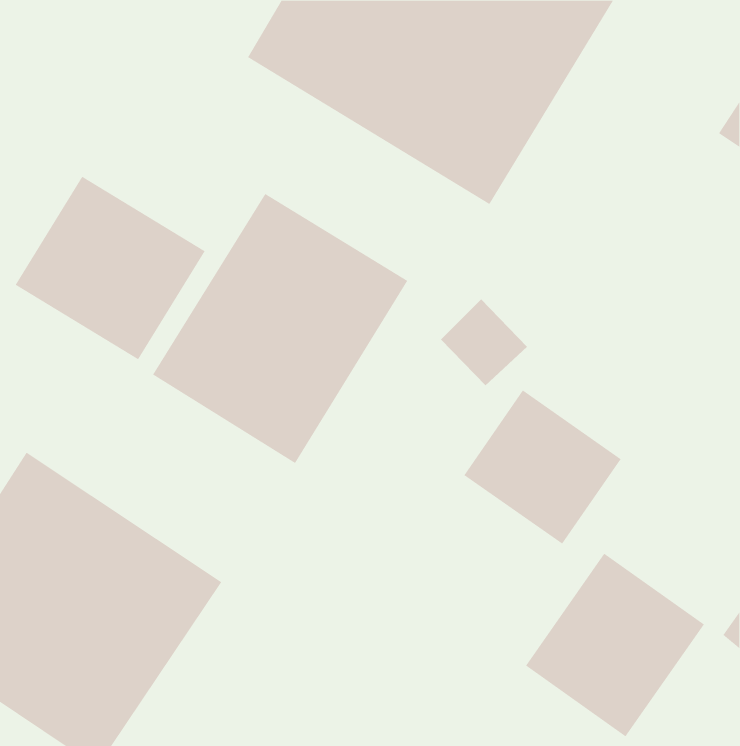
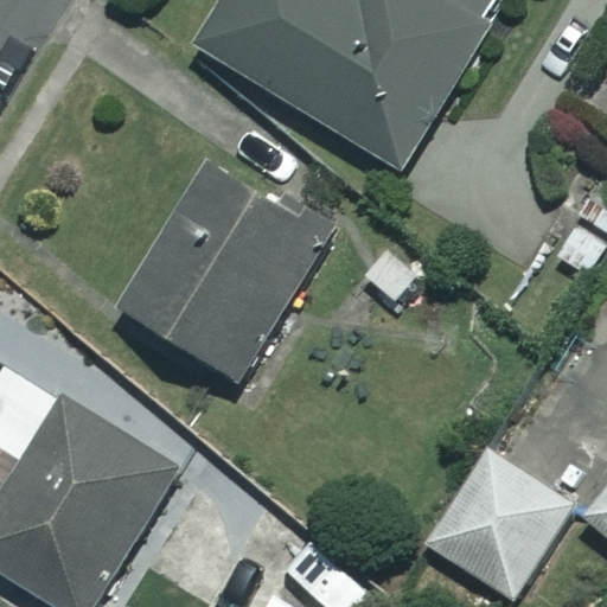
building: [15,176,205,360] -> none
building: [463,390,622,545] -> none

